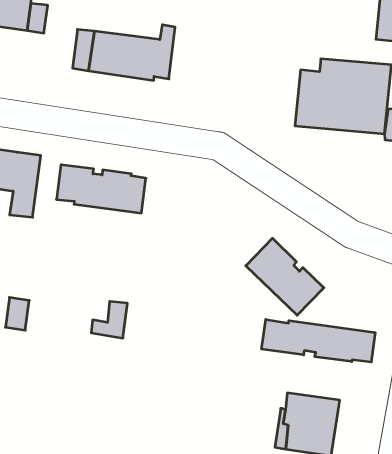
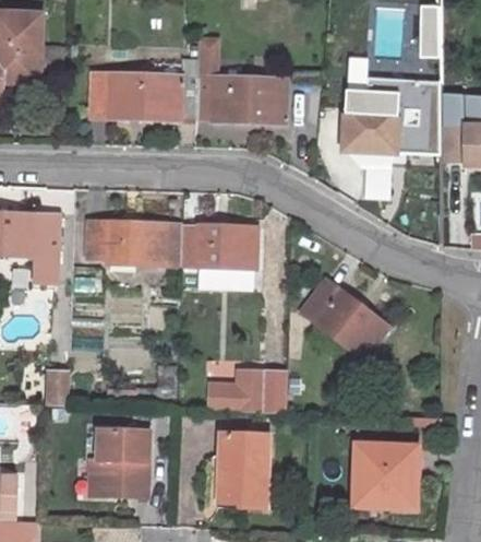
building: none -> [196,38,286,122]
building: none -> [181,223,257,288]
building: none -> [209,370,287,411]
building: [262,319,375,362] -> none
building: none -> [96,426,149,495]
building: none -> [218,431,268,506]

